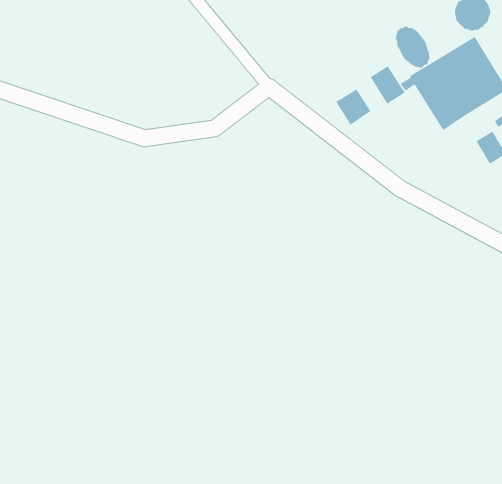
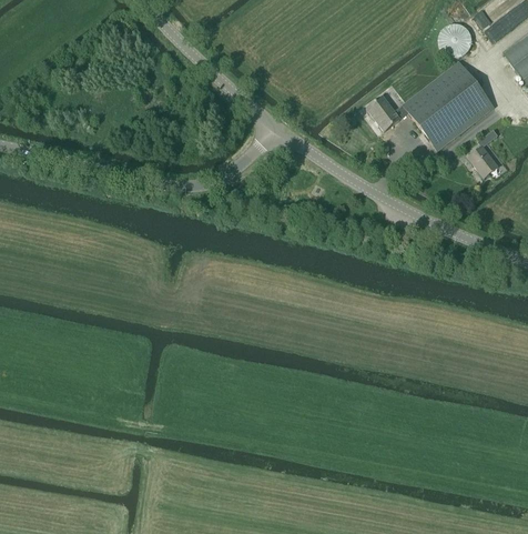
building: [396,26,430,68] -> none
building: [336,88,371,125] -> none

